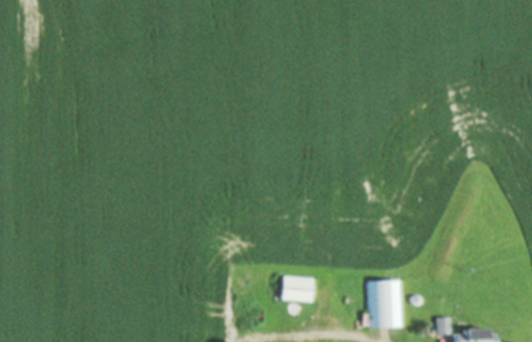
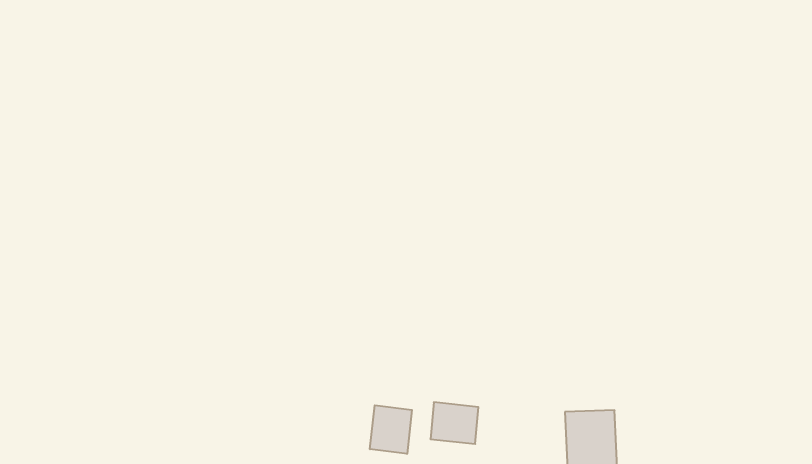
building: none -> [370,405,412,454]

